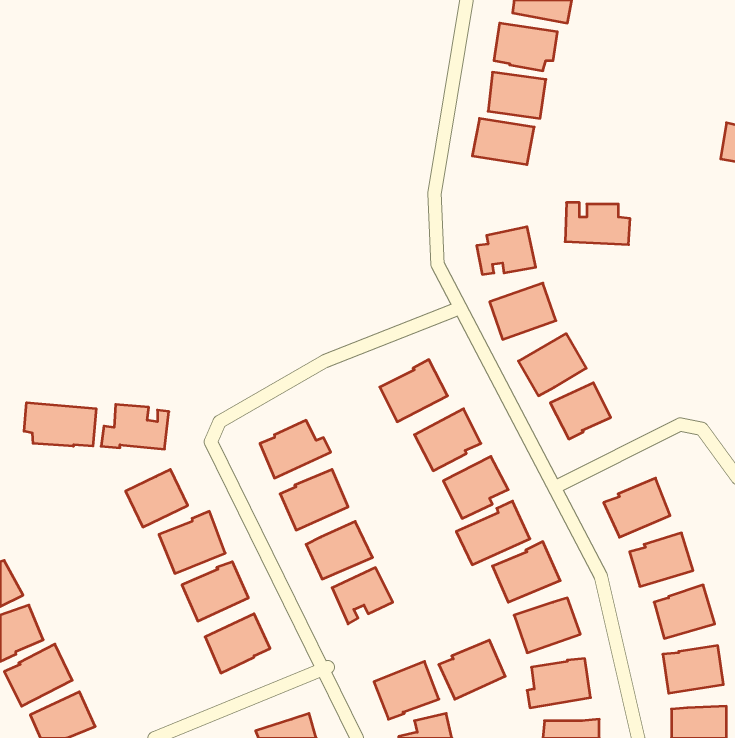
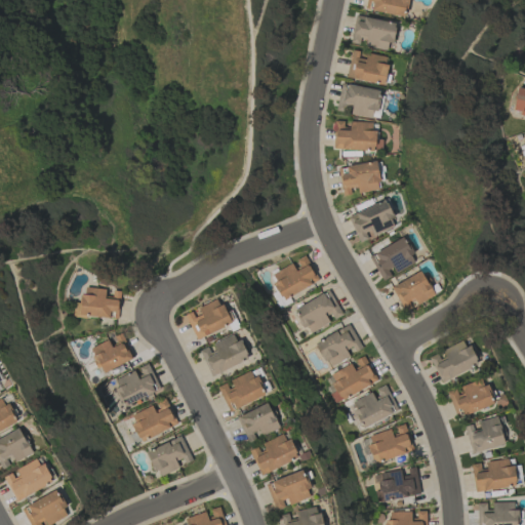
building: [565,203,630,245] -> [335,121,381,151]
building: [24,403,96,446] -> none
building: [439,640,505,699] -> [251,433,298,475]

